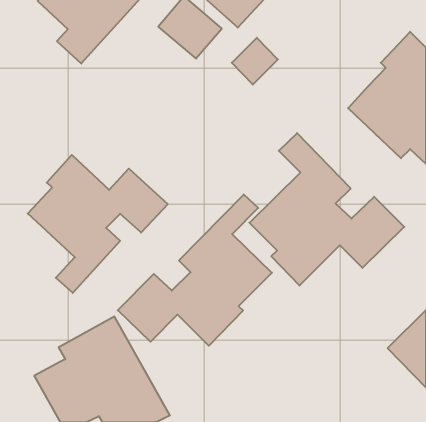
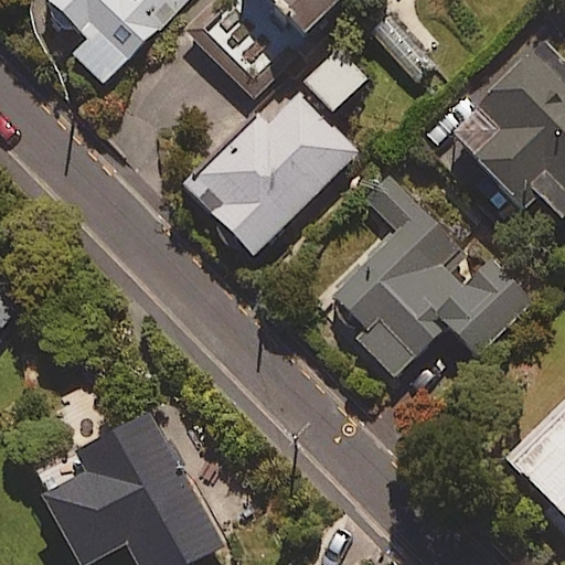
building: none -> [184,79,356,254]
building: [28,155,168,293] -> none
building: [118,194,272,346] -> none

